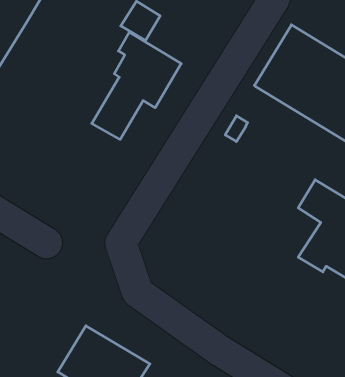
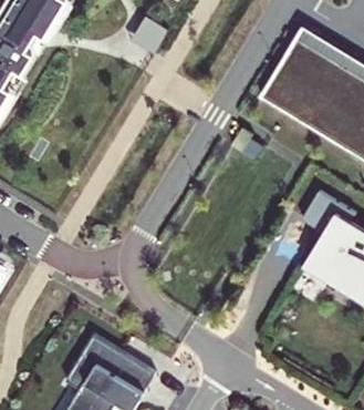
building: [92,32,181,139] -> none

